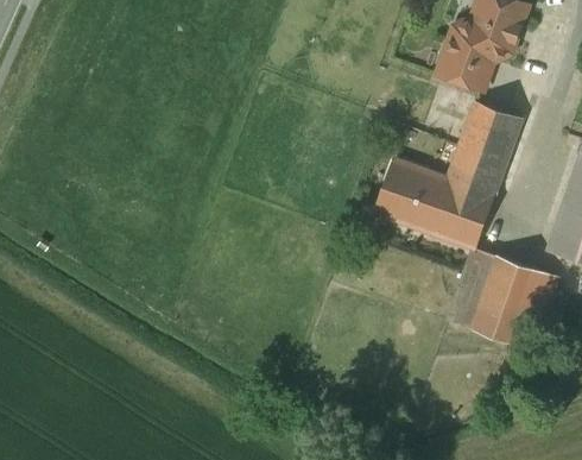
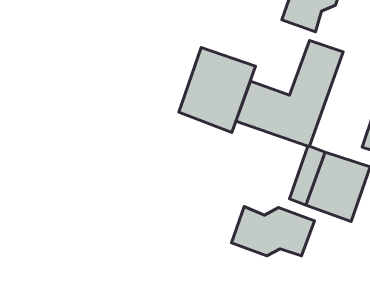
building: none -> [179,47,256,132]
building: none -> [231,206,315,256]

